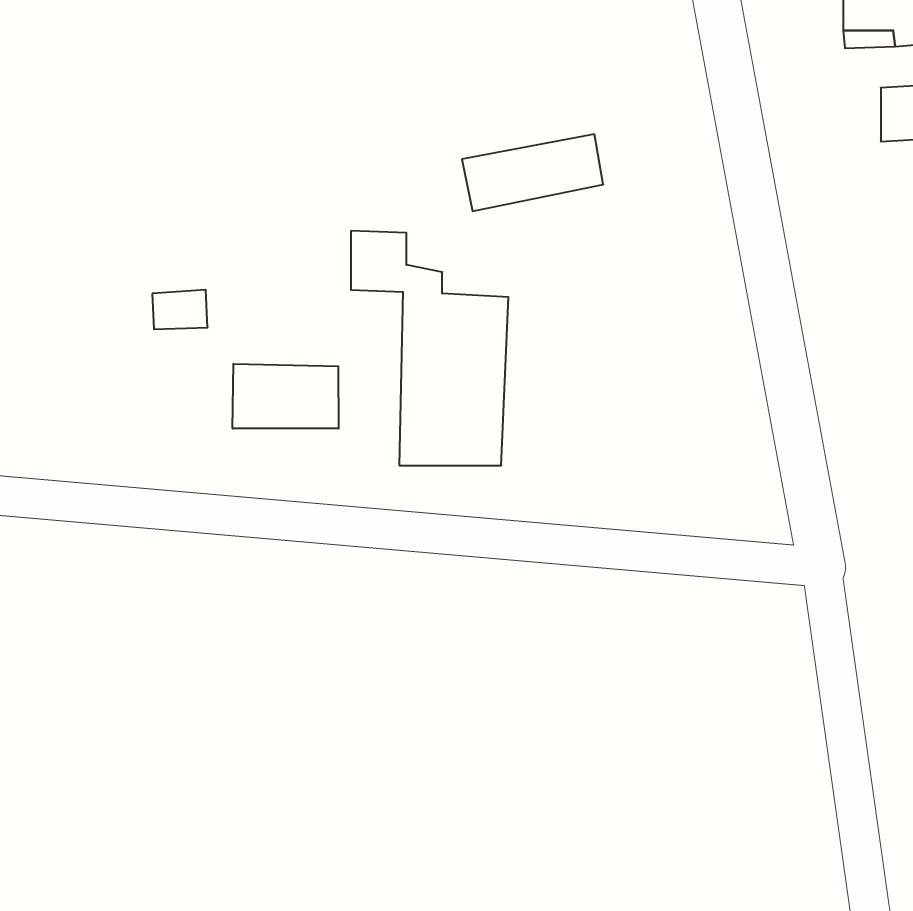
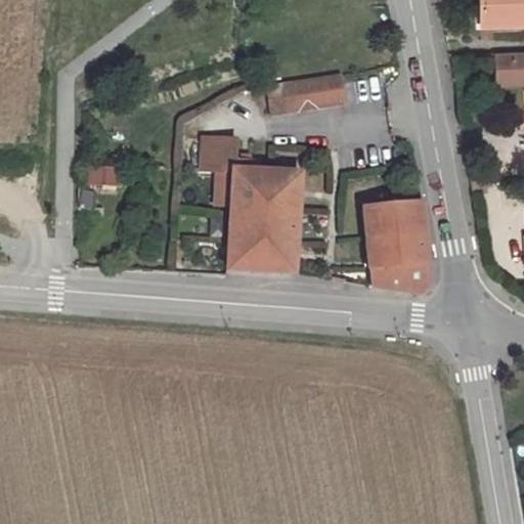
building: none -> [365,202,430,289]
building: [233,364,339,429] -> none

